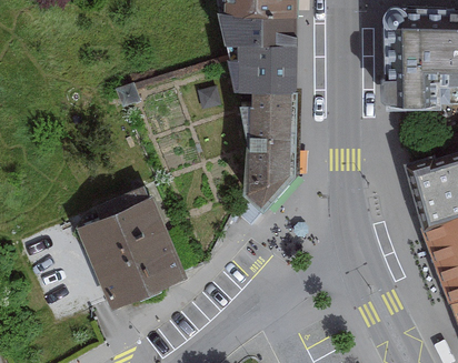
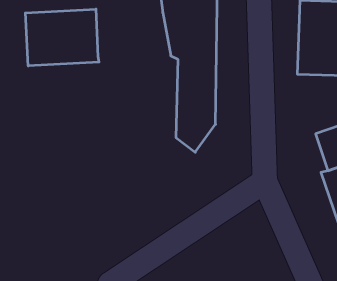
building: none -> [25,9,99,66]
building: [84,194,196,310] -> none

